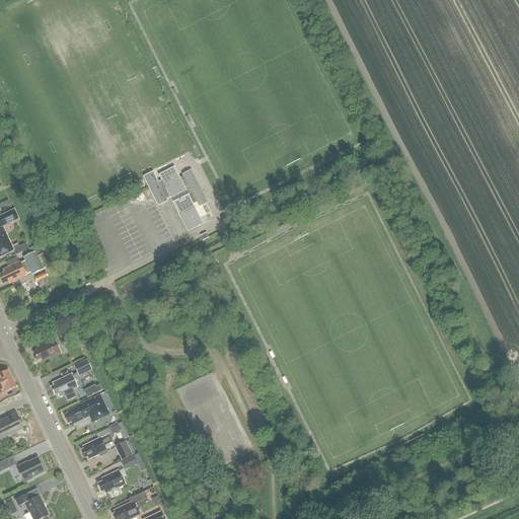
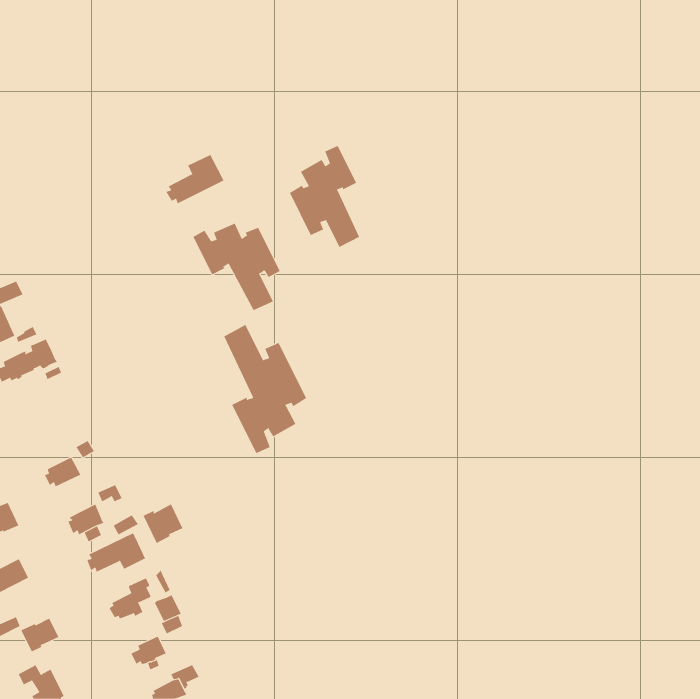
building: none -> [289,145,360,248]
building: none -> [166,154,224,204]
building: none -> [223,324,307,454]
building: none -> [143,504,183,544]

